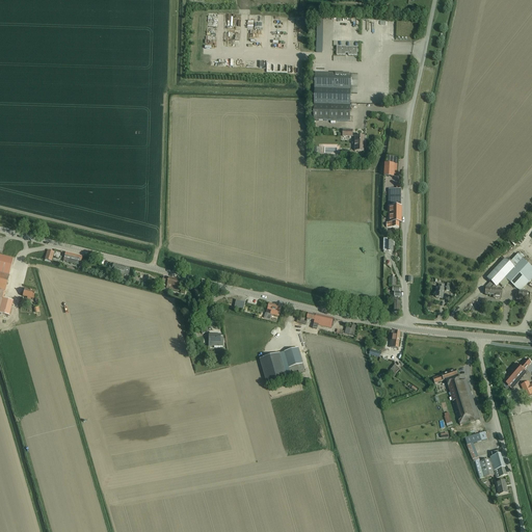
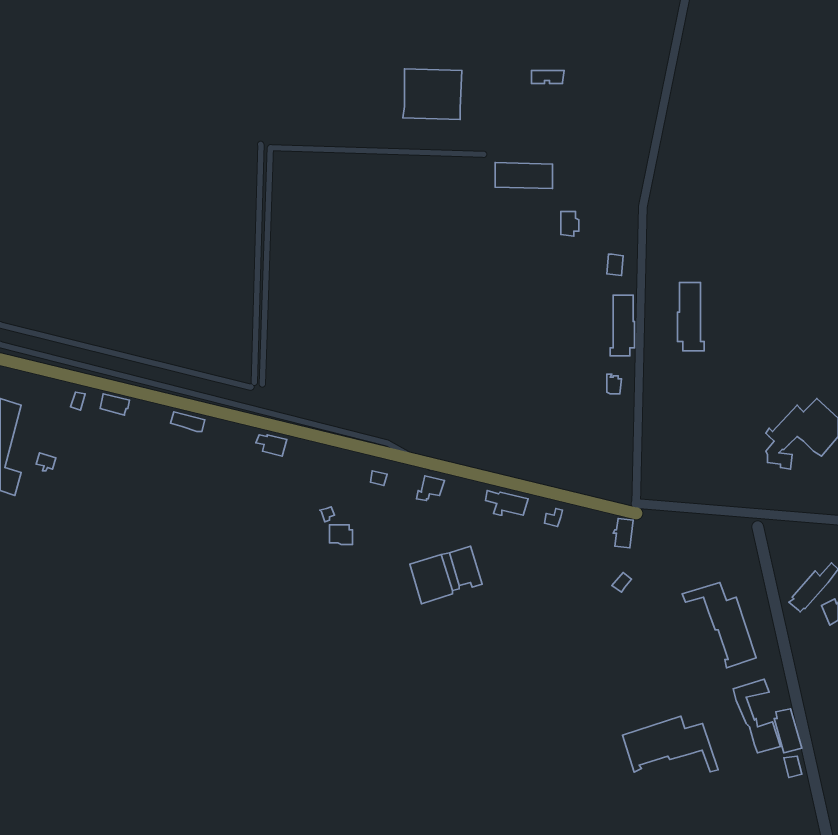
building: [314,72,351,104] -> [403,69,462,120]
building: none -> [678,283,704,351]
building: none -> [623,716,718,772]

